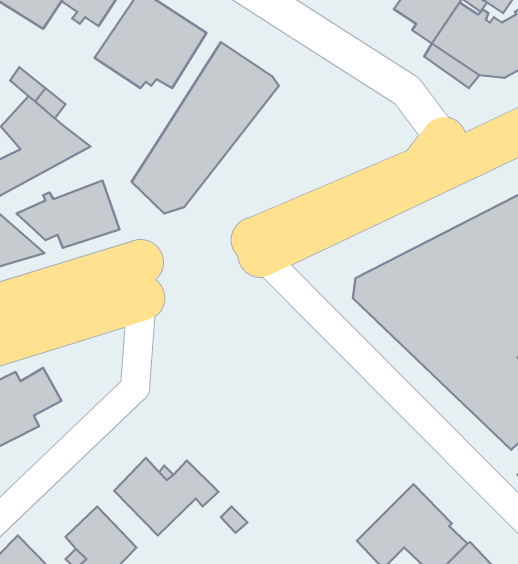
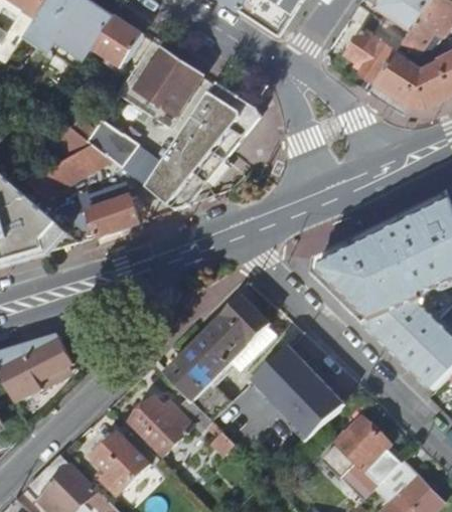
building: none -> [92,127,159,185]
building: none -> [163,298,275,421]
building: none -> [252,346,344,436]

